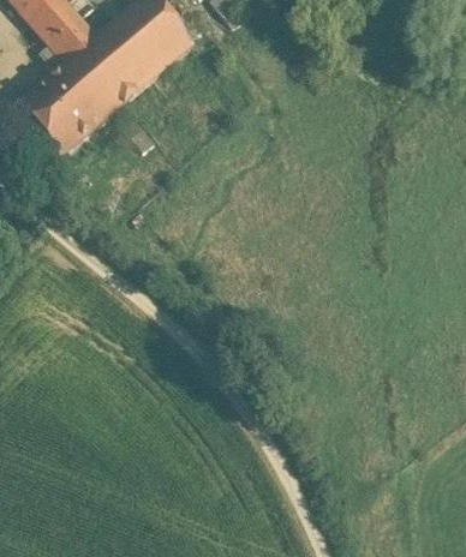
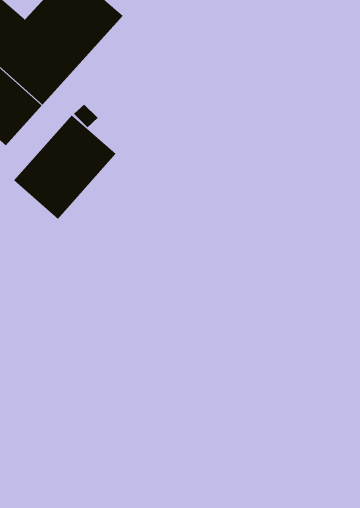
building: none -> [13,114,117,220]

